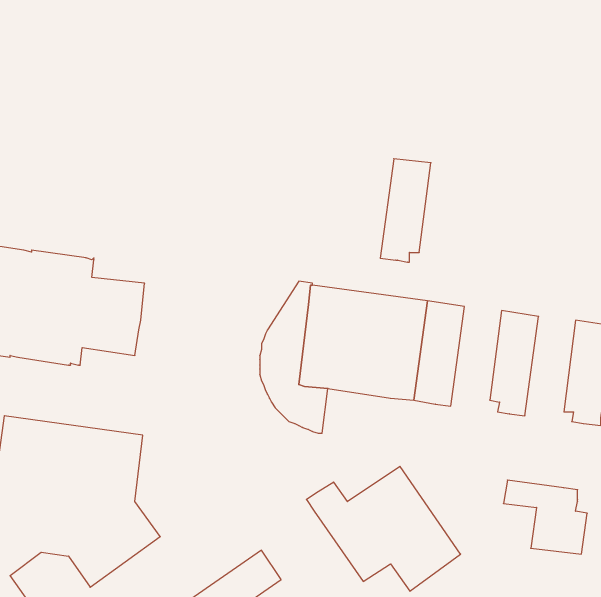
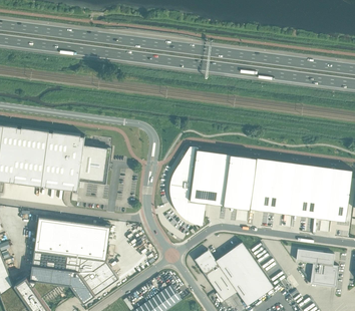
building: [380,159,431,262] -> [268,161,294,214]
building: none -> [306,166,332,219]

